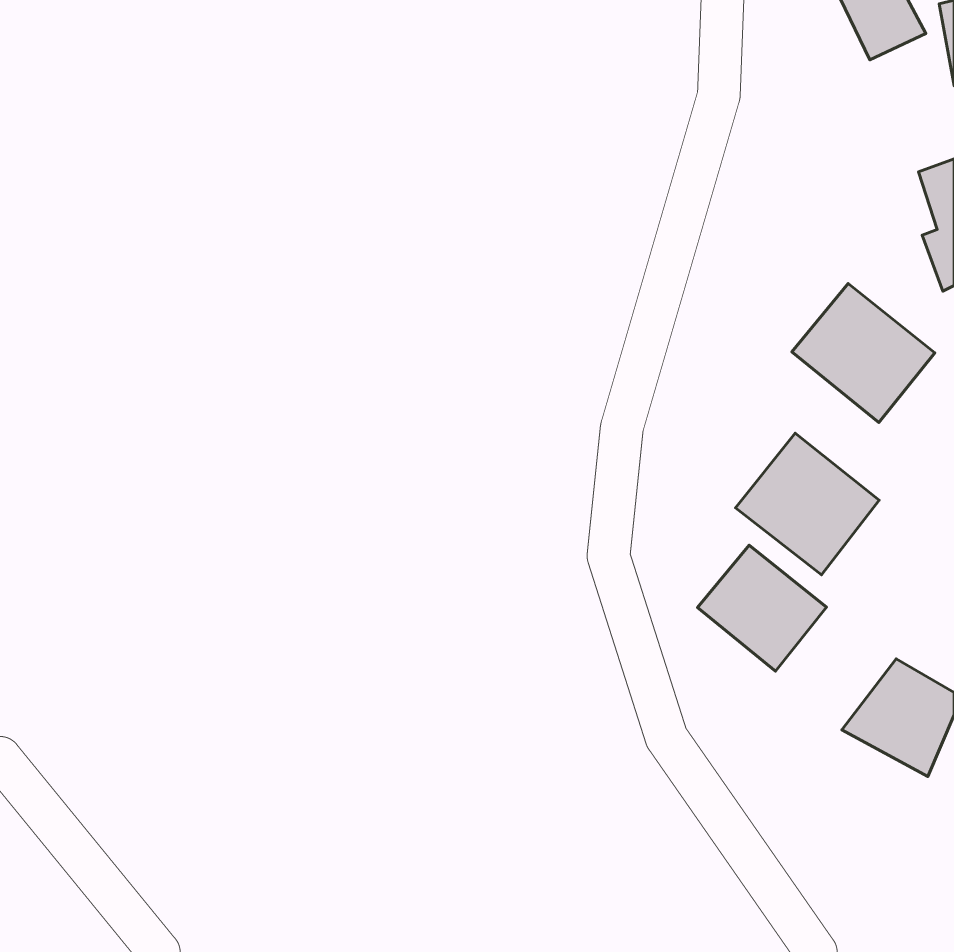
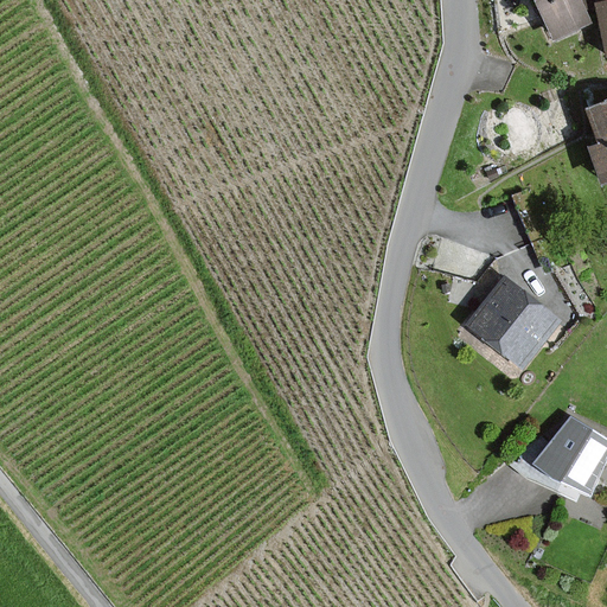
building: [792,284,935,423] -> none
building: [697,545,827,671] -> none

